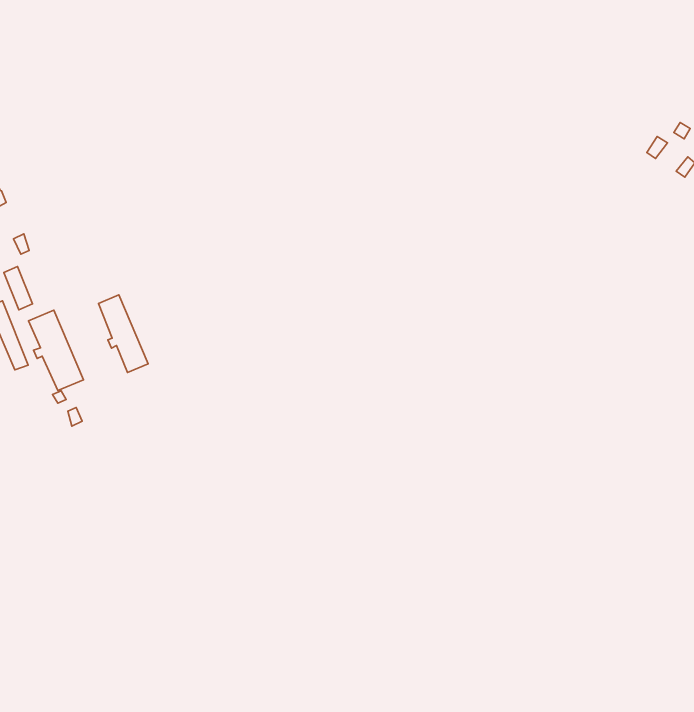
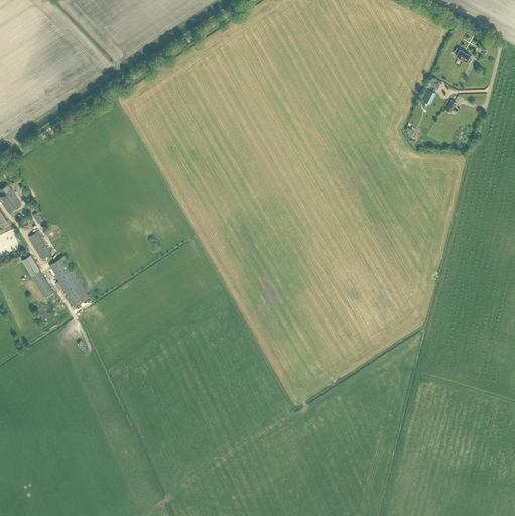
building: [98,295,148,373] -> none

